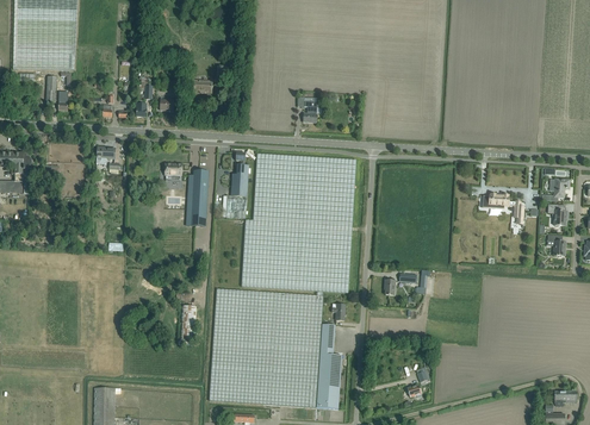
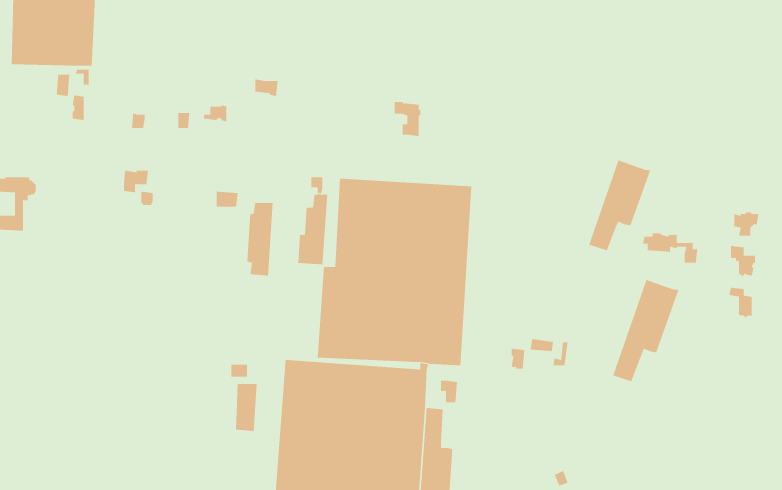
building: none -> [589,159,651,251]
building: none -> [612,279,679,382]

